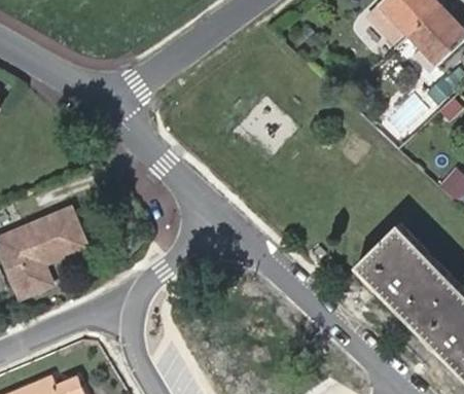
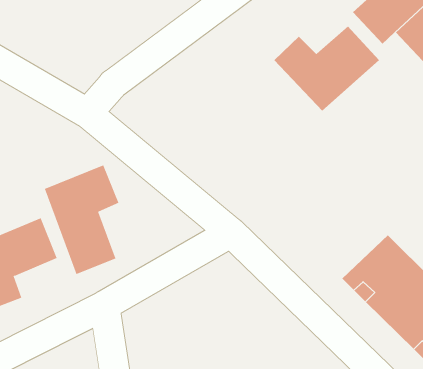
building: none -> [274,26,380,112]
building: none -> [44,164,119,275]

